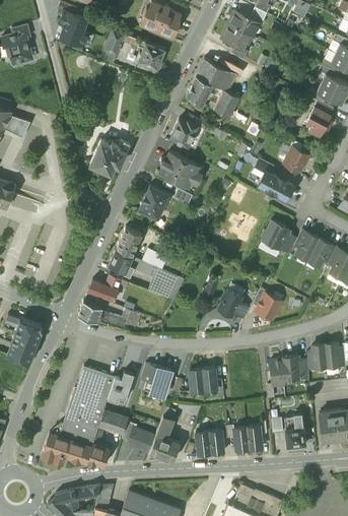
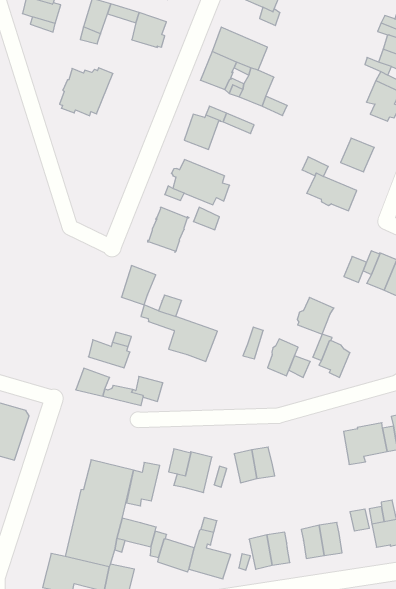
building: [89,139,130,175] -> [60,68,113,116]
building: [262,219,289,247] -> [297,297,334,334]
building: [109,249,134,276] -> none

